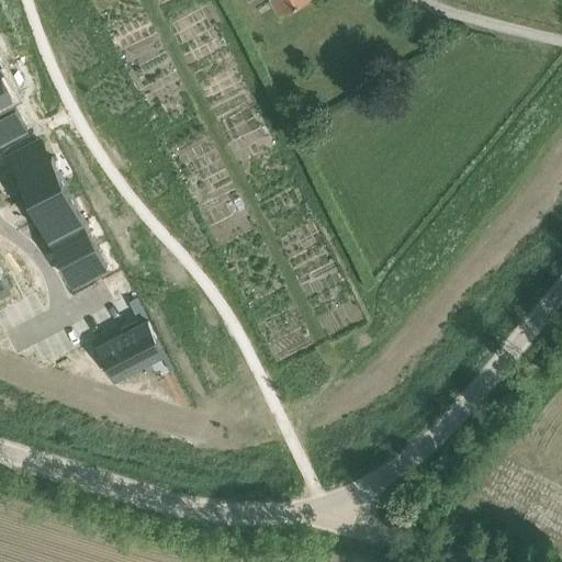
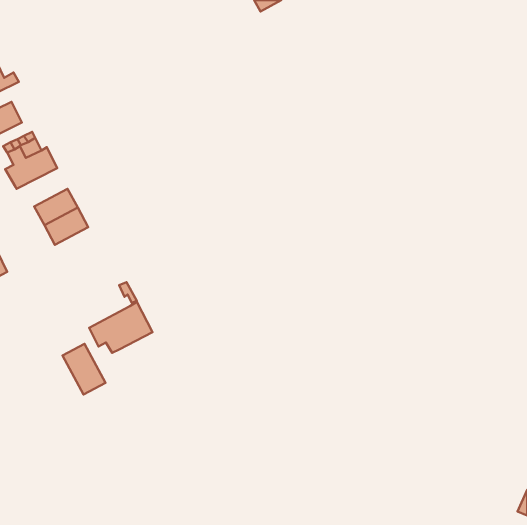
building: [18,183,71,227] -> none
building: [58,246,104,286] -> none
building: none -> [63,344,105,395]

